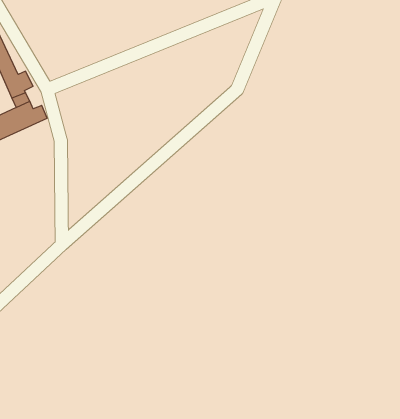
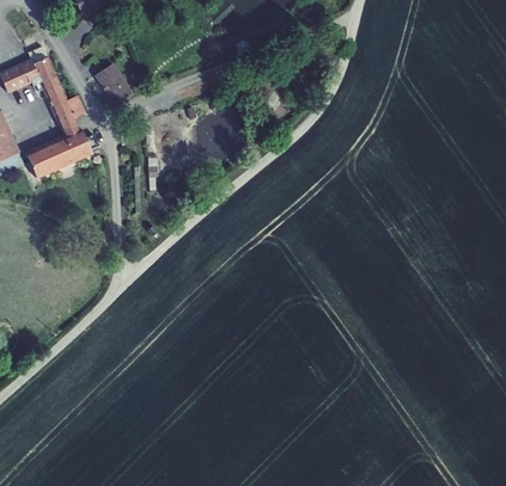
building: none -> [95,63,132,104]

